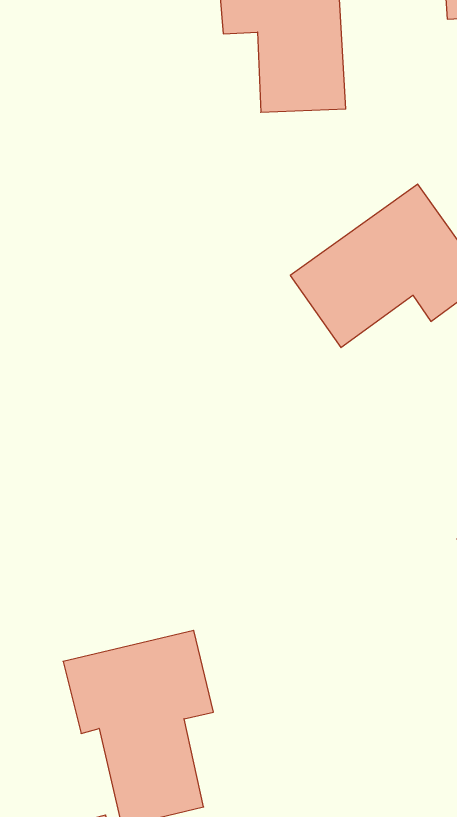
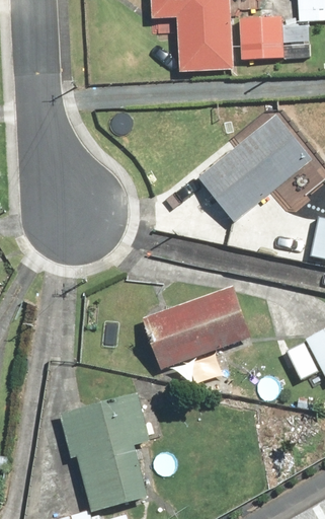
building: none -> [242,19,282,57]
building: none -> [142,286,254,372]

